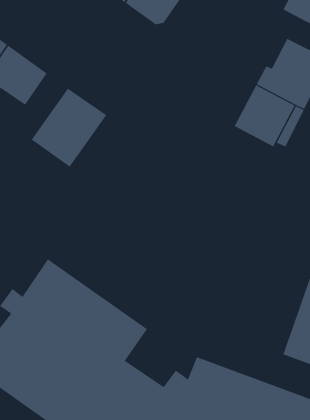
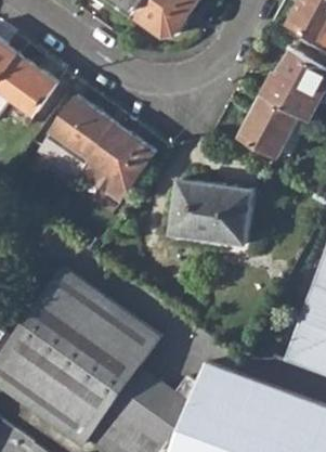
building: none -> [80,125,155,204]
building: none -> [173,177,256,243]

